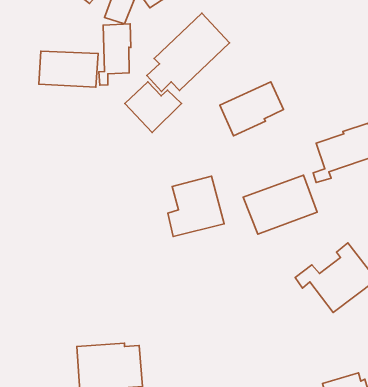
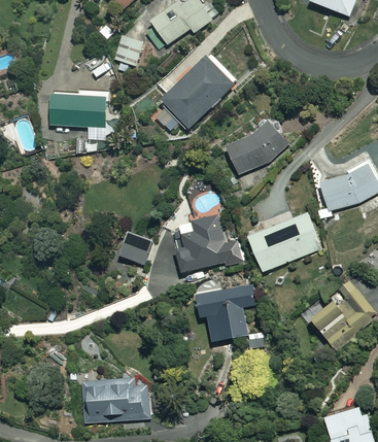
building: [99,24,131,85] -> none
building: [125,82,181,132] -> none
building: none -> [119,233,151,264]
building: none -> [196,284,255,341]

